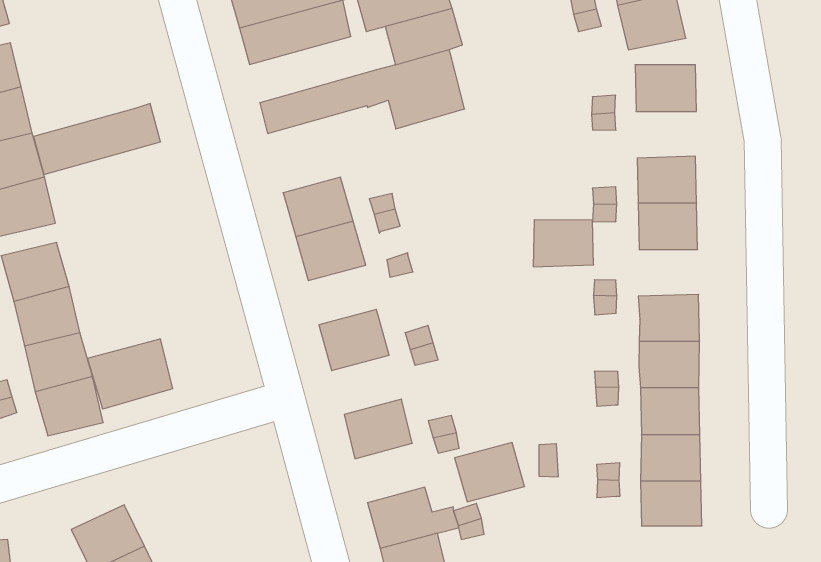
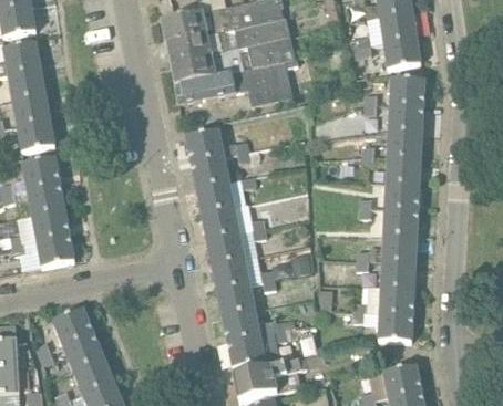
building: [34,104,161,175] -> [171,46,243,83]
building: none -> [388,102,423,129]
building: [533,220,594,267] -> [383,180,419,208]
building: none -> [196,179,234,211]
building: [87,339,173,409] -> none
building: none -> [206,231,245,263]
building: [455,442,525,502] -> [216,282,255,314]

